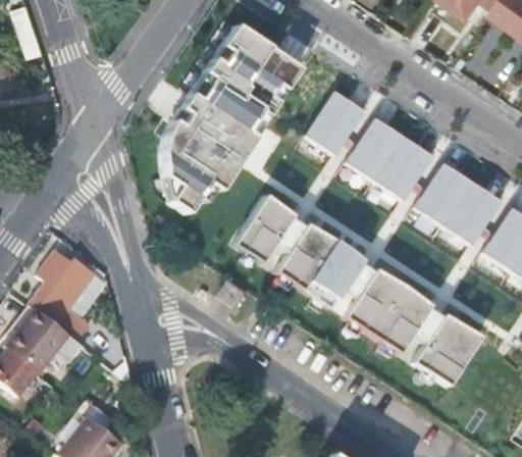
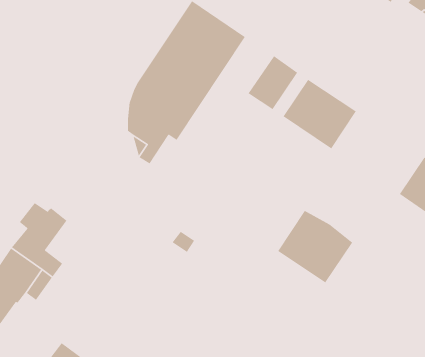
building: [415,158,502,241] -> none
building: [233,192,294,260] -> none
building: [274,221,363,307] -> none
building: [409,311,478,383] -> none

